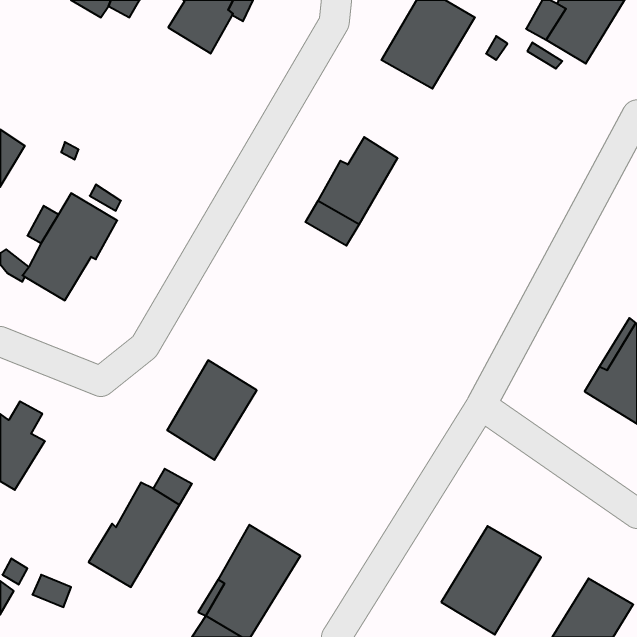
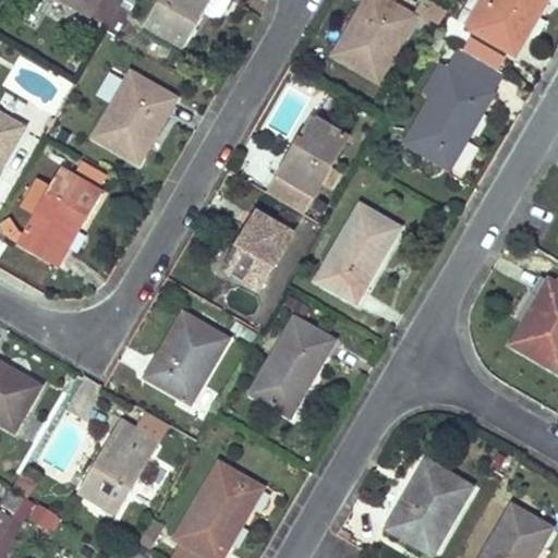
building: none -> [403,45,502,166]
building: none -> [95,72,175,162]
building: none -> [315,202,398,300]
building: none -> [228,213,291,290]
building: none -> [250,314,336,414]

